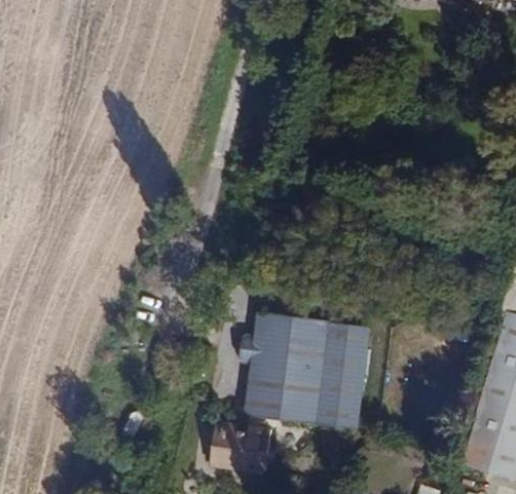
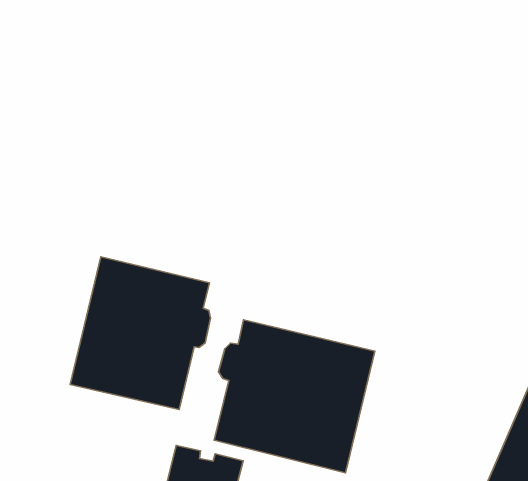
building: none -> [70,257,210,410]

